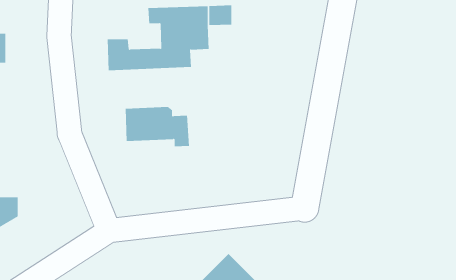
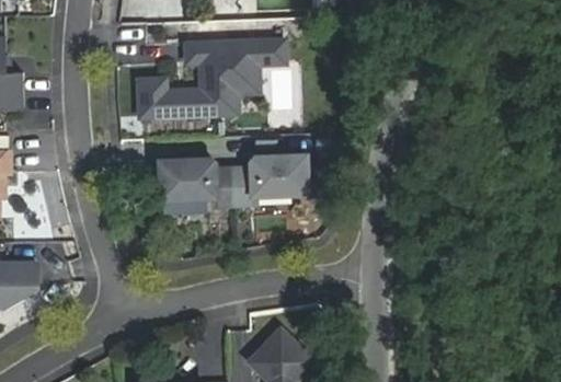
building: none -> [232,154,307,205]

